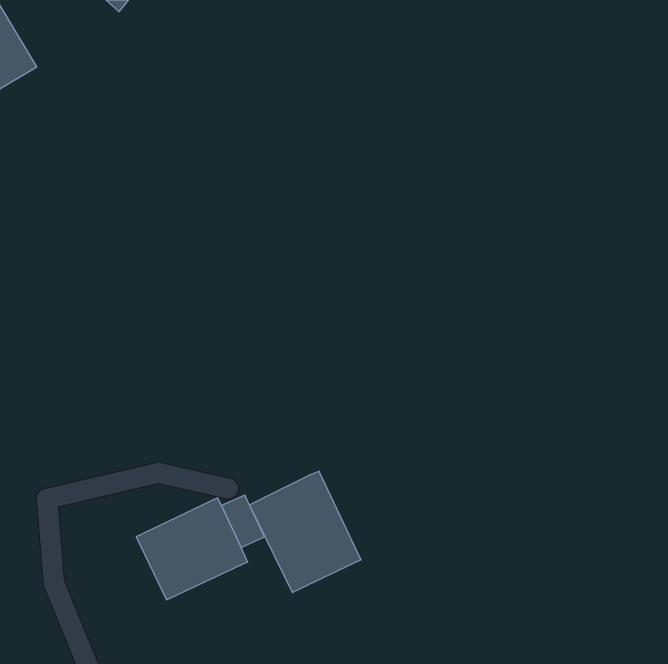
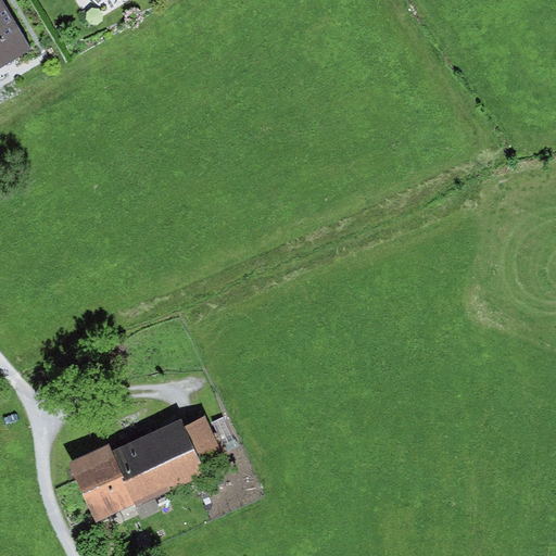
building: [250,471,361,593] -> none
building: none -> [70,443,138,521]

